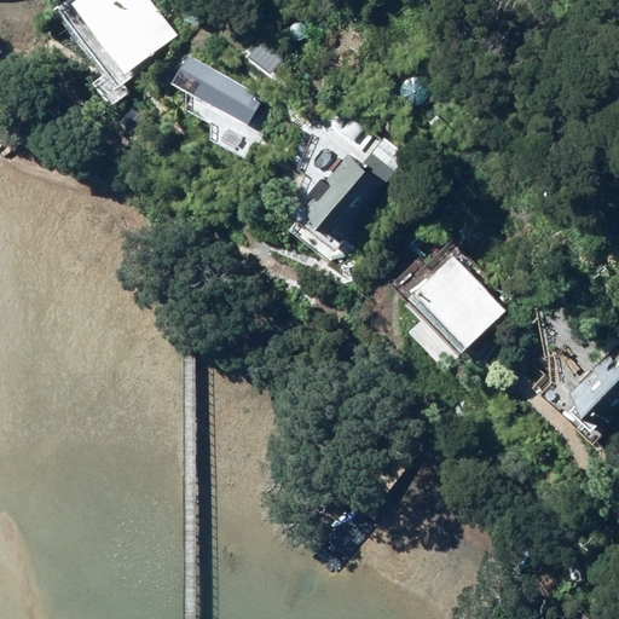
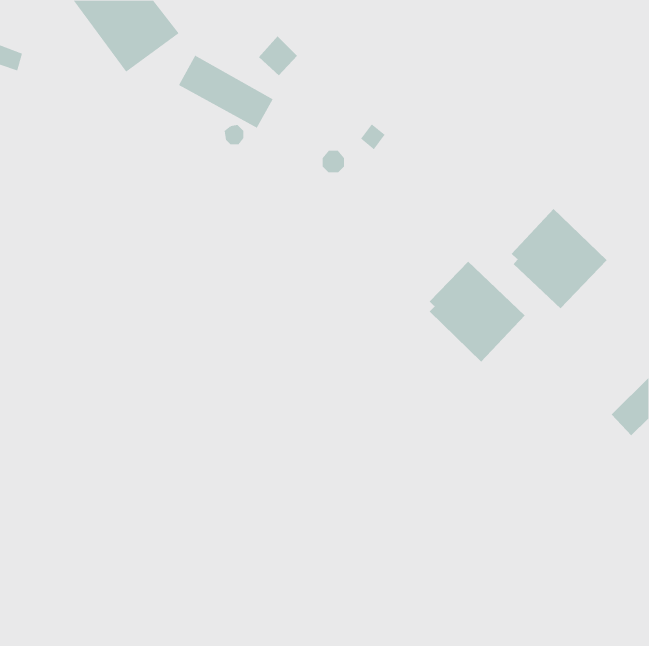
building: [303,157,384,238] -> none
building: none -> [511,208,607,309]

